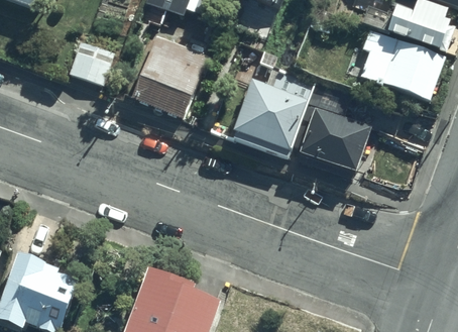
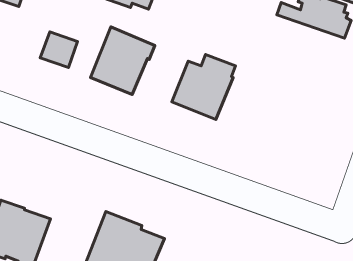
building: [359,29,445,99] -> none
building: [298,107,370,173] -> none

